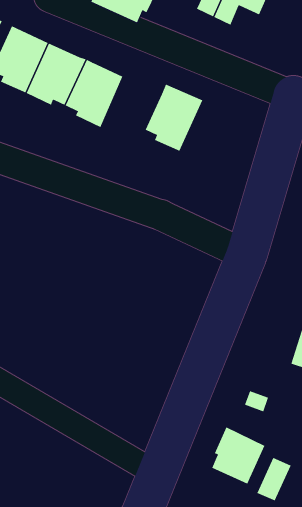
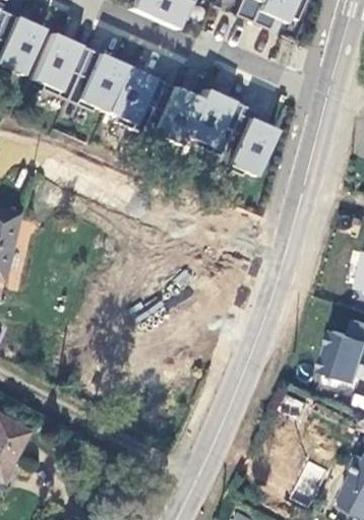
building: none -> [135,81,195,144]
building: none -> [209,105,269,176]
building: [212,426,265,485] -> none

